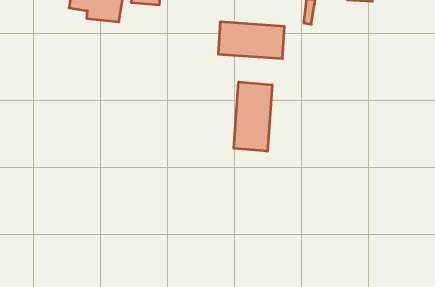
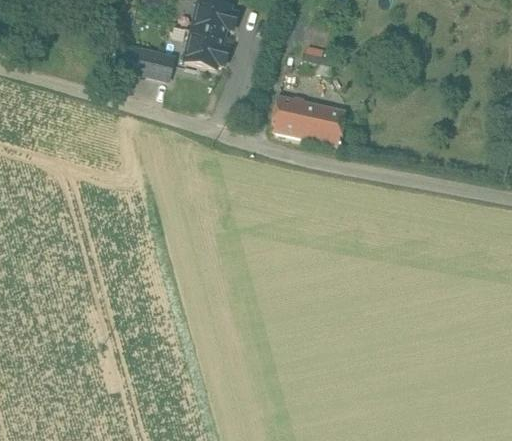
building: [234,82,272,151] -> none

